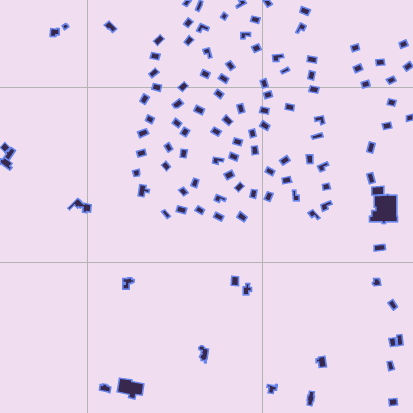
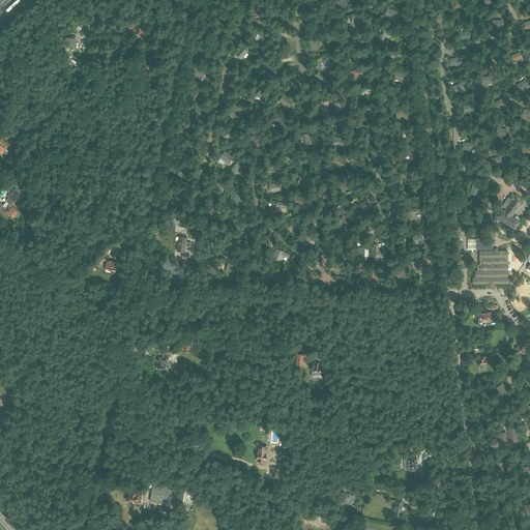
building: none -> [494,194,524,231]

